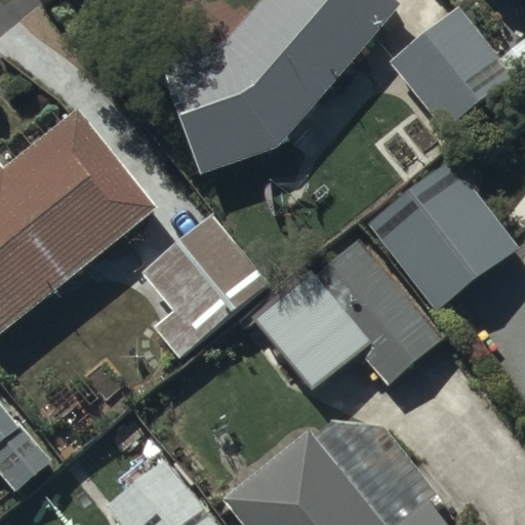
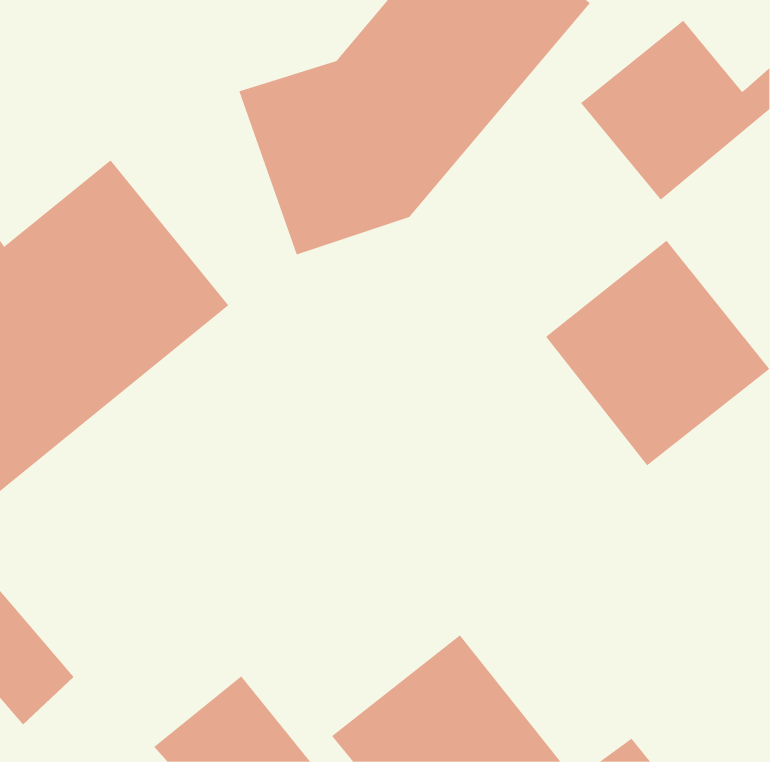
building: [142,210,268,352] -> none
building: [228,238,445,409] -> none

